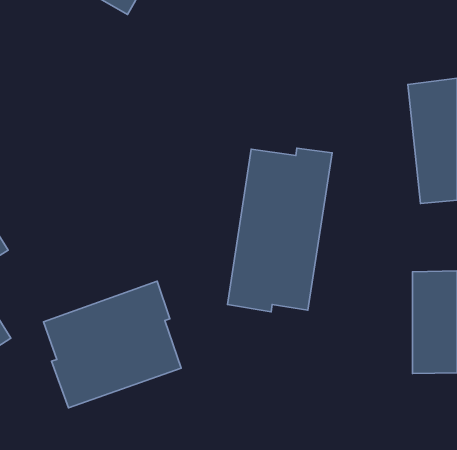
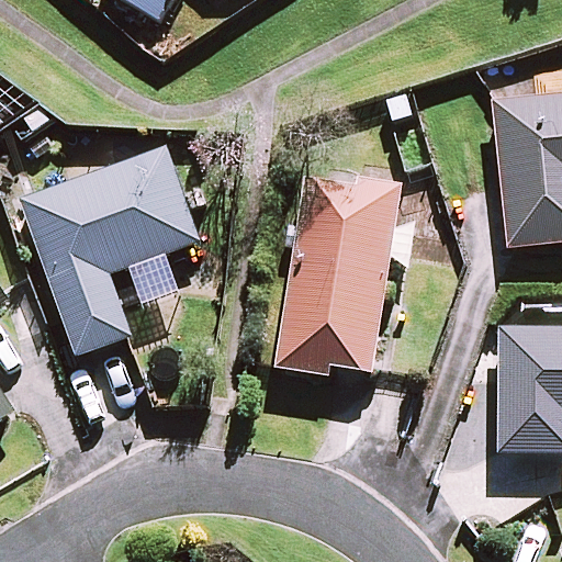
building: none -> [20,146,201,353]
building: [43,281,181,408] -> none

